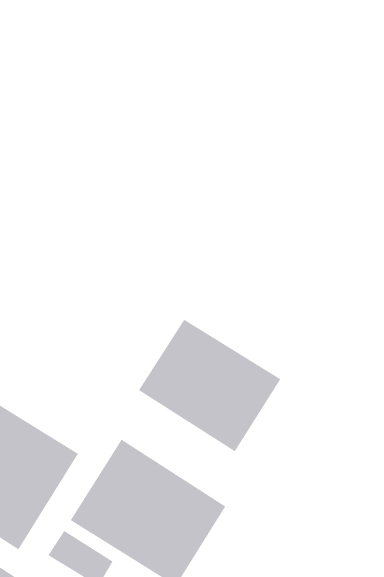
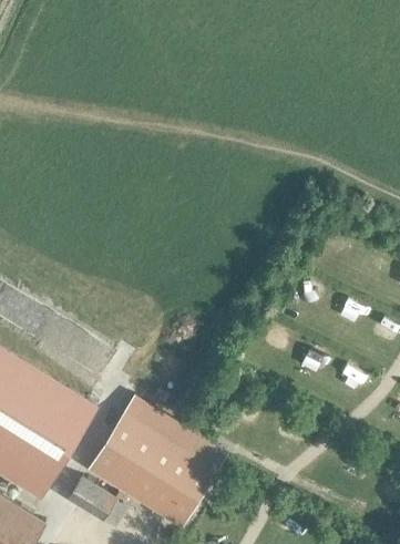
building: [138,319,281,452] -> none

